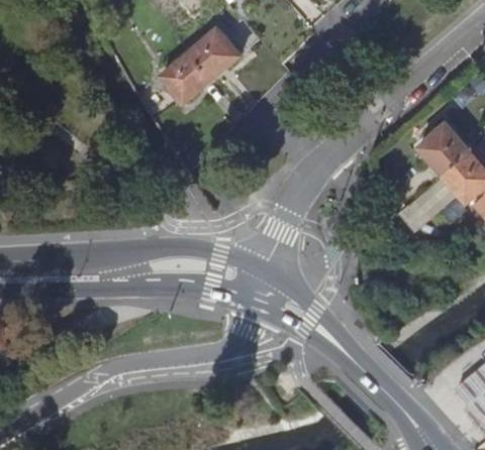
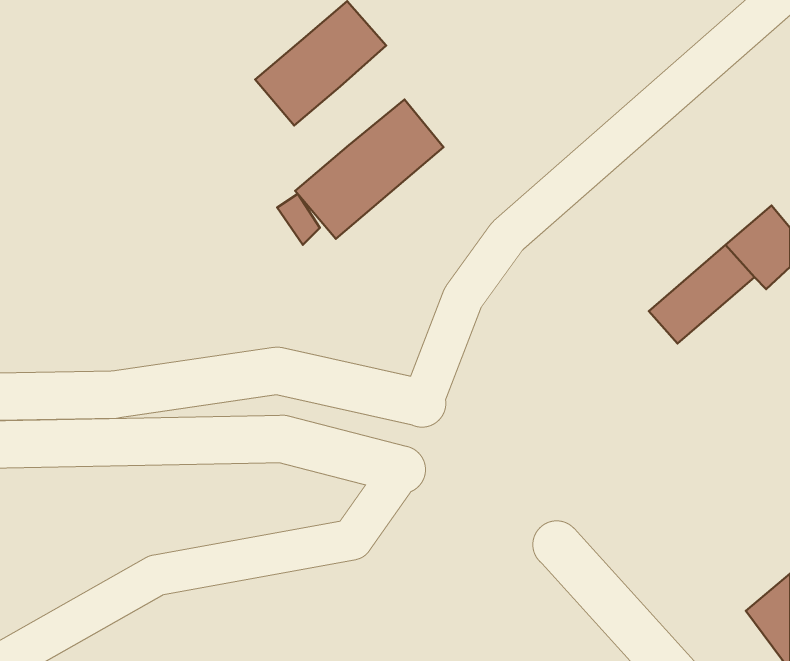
building: none -> [295,100,443,239]
building: [418,121,470,173] -> none

